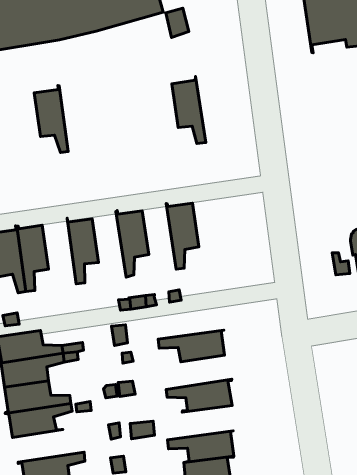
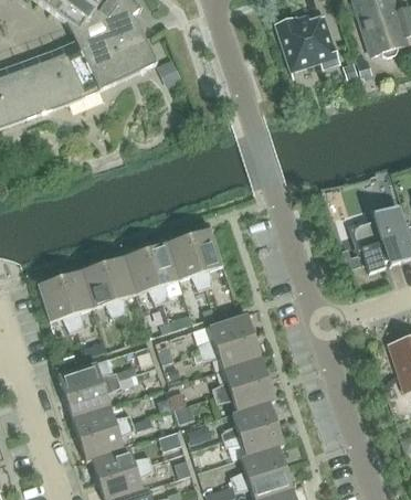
building: [172,77,206,143] -> [167,232,205,290]
building: [34,86,68,153] -> [81,259,119,318]
building: none -> [124,249,162,305]
building: none -> [198,312,256,352]
building: none -> [212,357,271,395]
building: none -> [221,400,280,439]
building: none -> [86,446,151,481]

